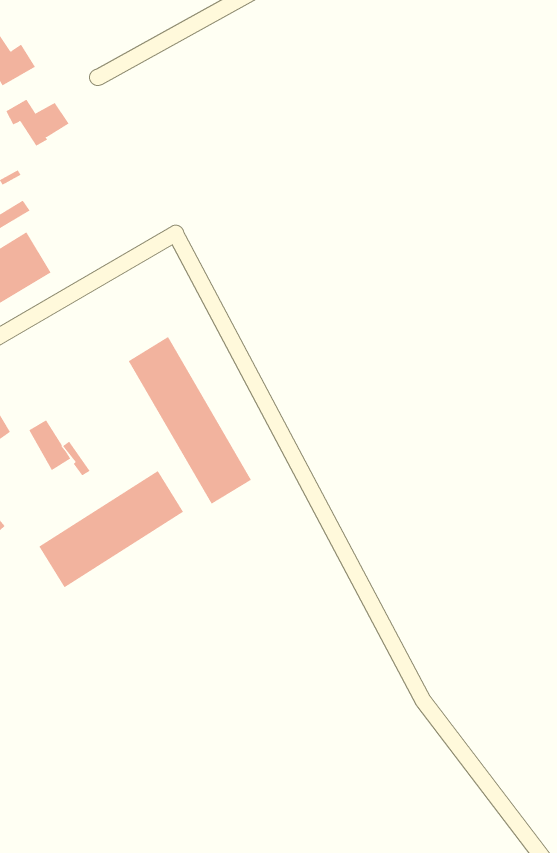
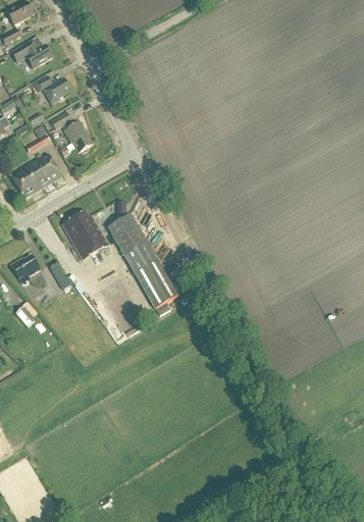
building: none -> [51,110,93,151]
building: none -> [61,209,107,258]
building: [39,470,184,588] -> none

